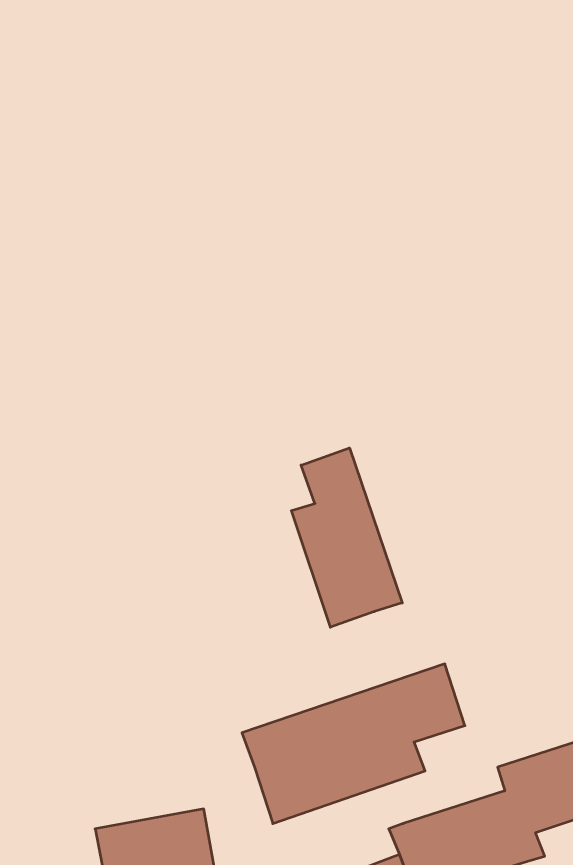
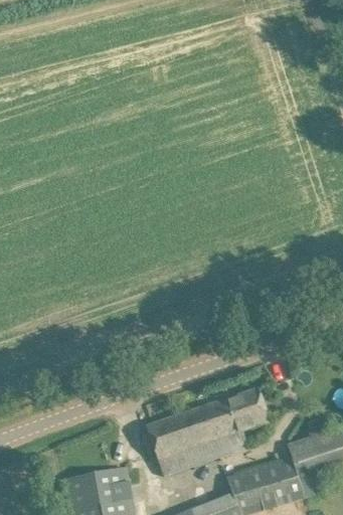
building: [291,448,402,627] -> none

